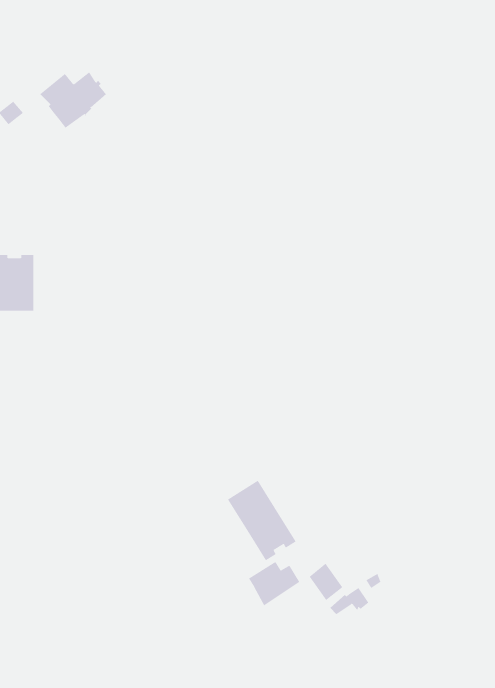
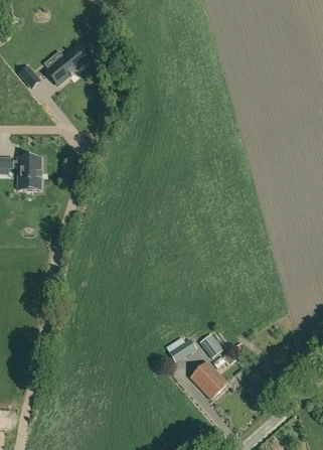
building: [227,480,297,561] -> none
building: none -> [190,360,227,399]

